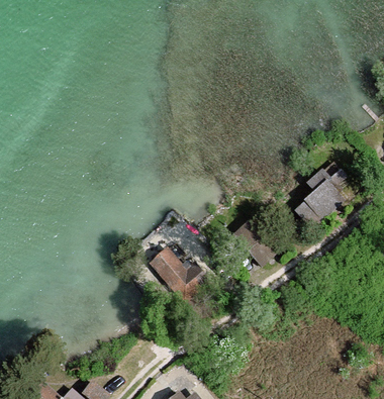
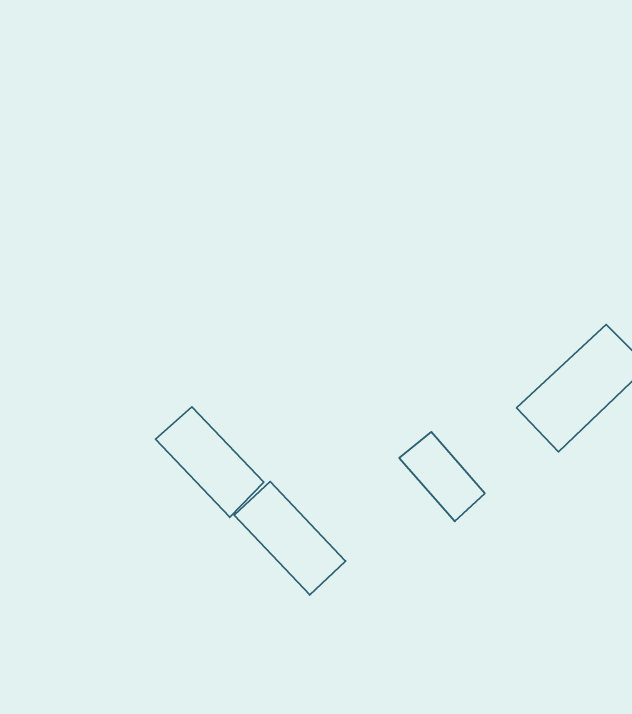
building: none -> [156,407,264,517]

